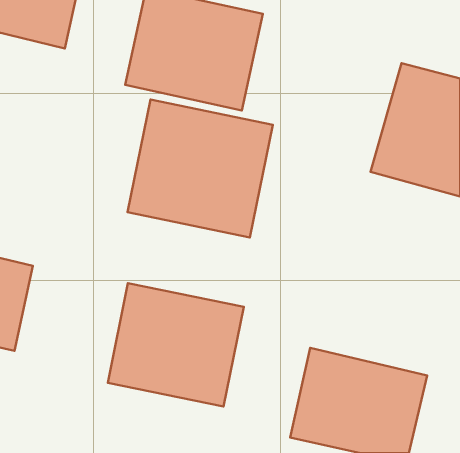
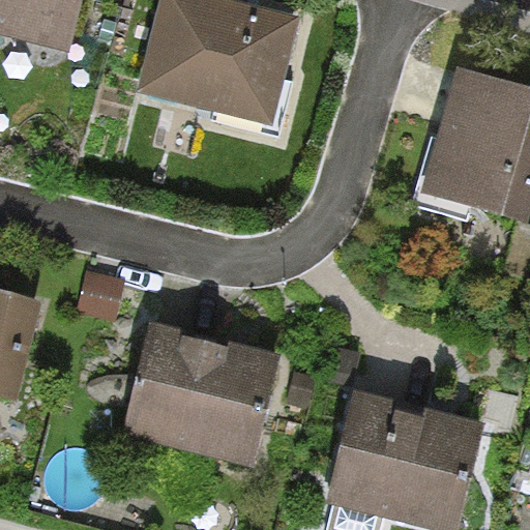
building: [128,99,273,238] -> none

